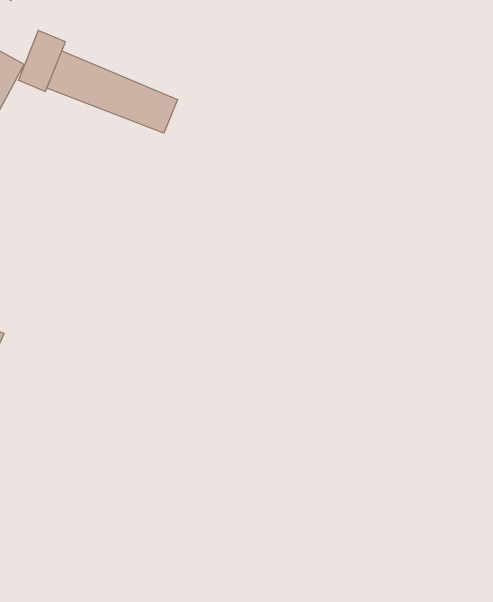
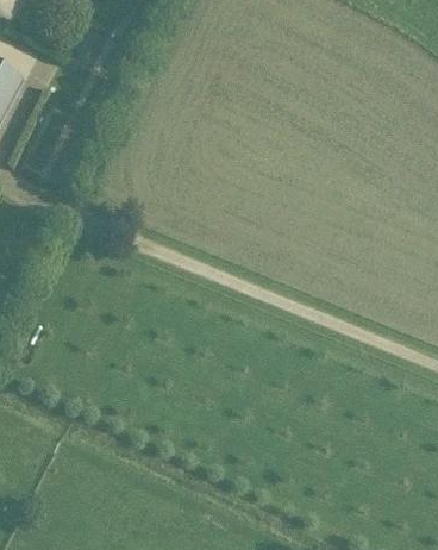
building: [47,51,177,133] -> none

